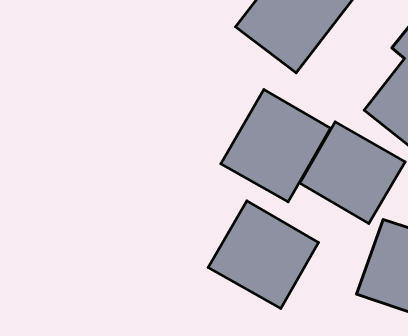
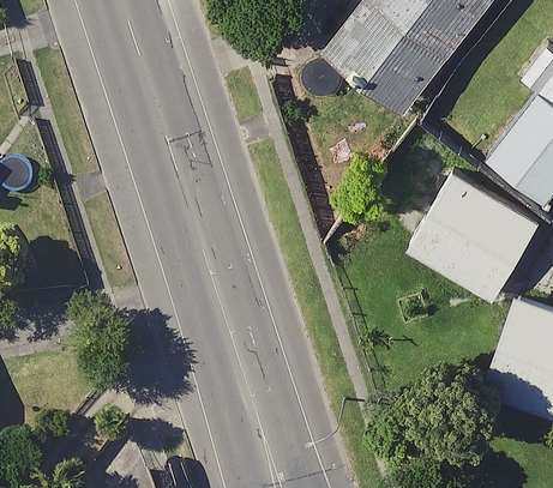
building: [221,90,330,202] -> none
building: [208,201,319,309] -> none

